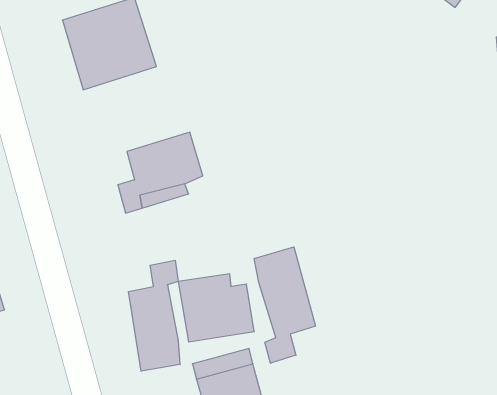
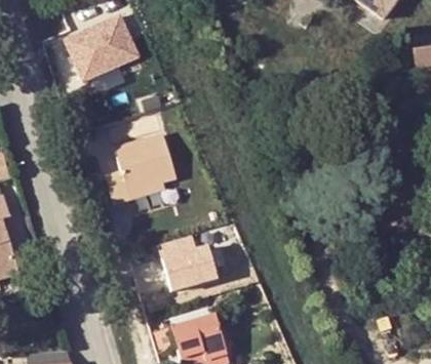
building: [254,247,316,363] -> none
building: [129,260,180,371] -> none

